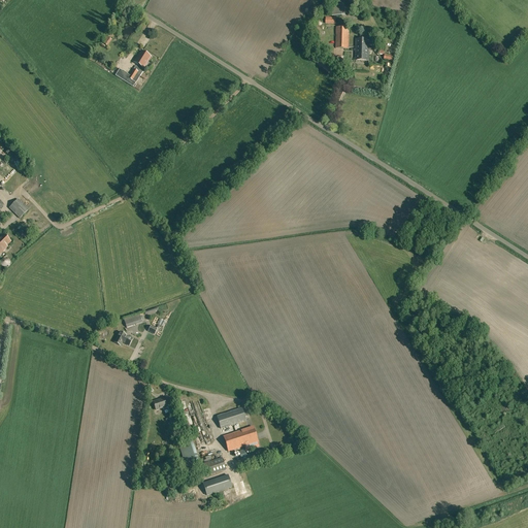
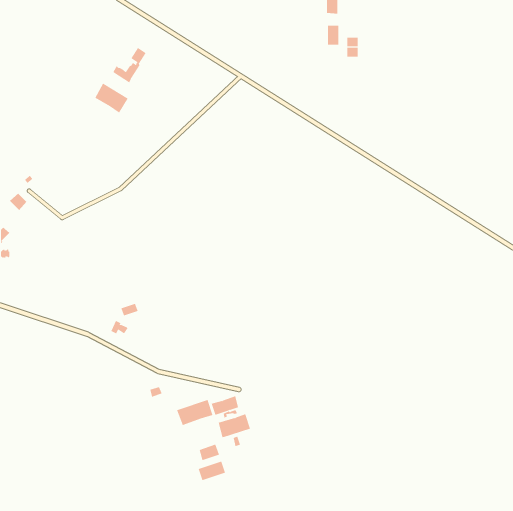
building: none -> [95,83,129,113]
building: none -> [176,399,213,426]

